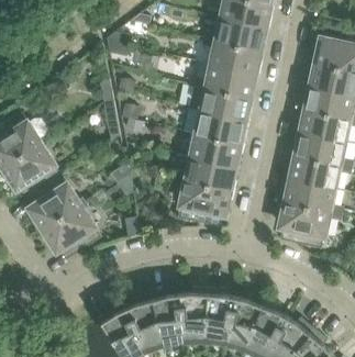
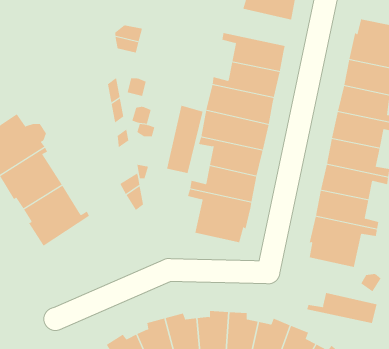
building: [202,22,264,55] -> none
building: none -> [166,105,203,174]
building: [42,207,100,264] -> none
building: none -> [307,292,377,324]

